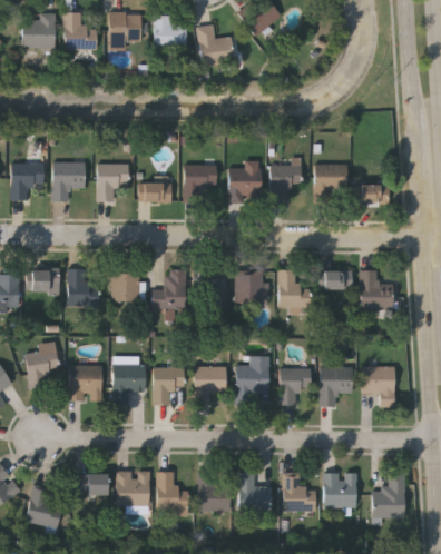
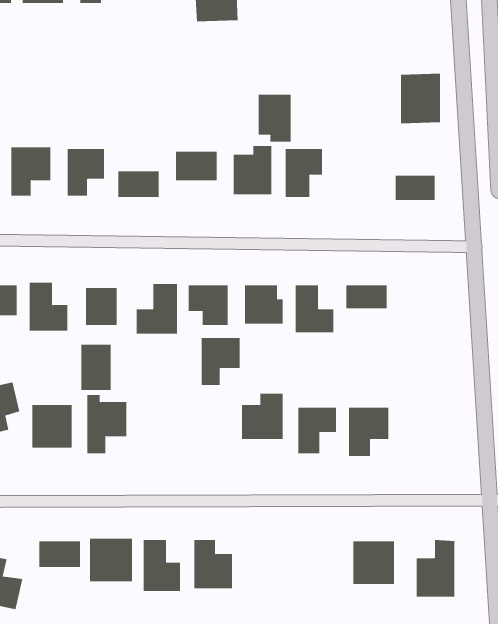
building: none -> [258,94,291,143]
building: [314,162,346,202] -> [400,73,441,124]
building: [360,270,391,309] -> none
building: [194,366,225,404] -> [201,338,240,385]
building: [362,366,393,404] -> none
building: [153,367,177,404] -> [80,344,111,390]
building: [237,472,271,512] -> none
building: [283,473,314,510] -> none

